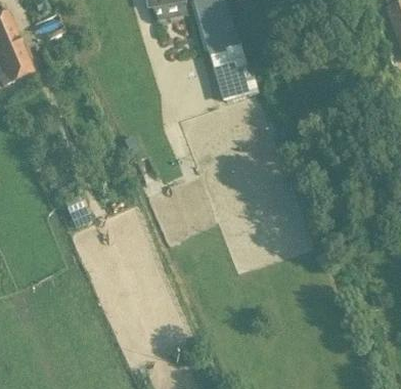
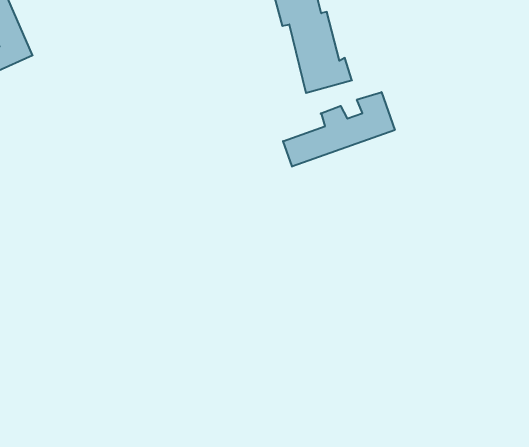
building: none -> [283,92,395,167]

